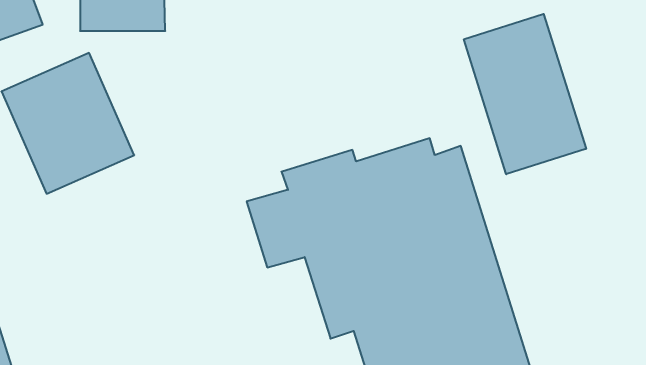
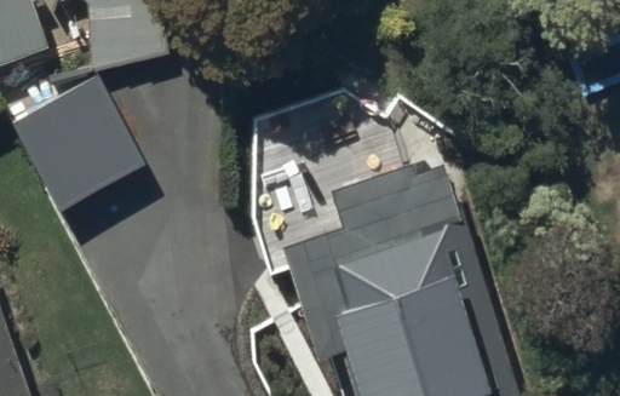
building: [464,14,586,174] -> none

